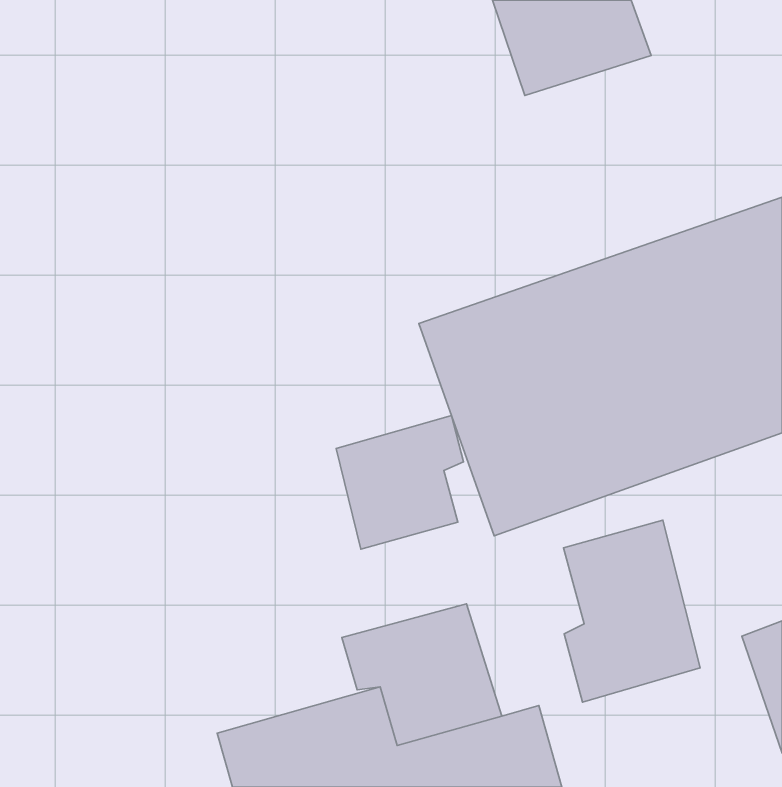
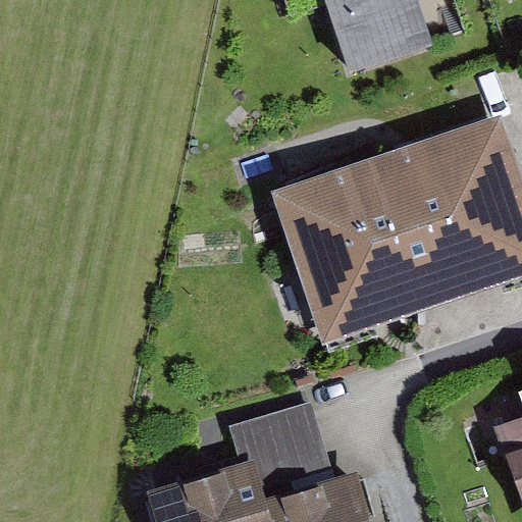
building: [336,415,464,549] -> none
building: [563,520,700,702] -> none

